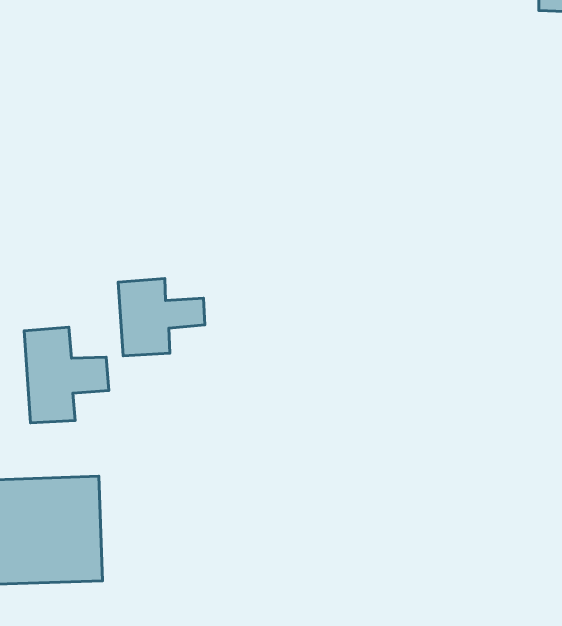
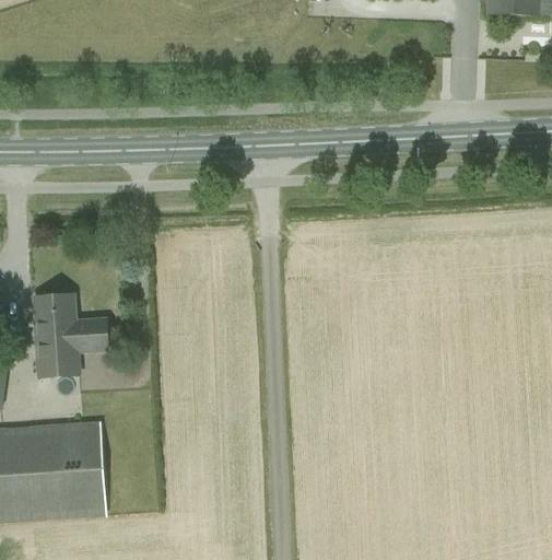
building: [118,279,205,356] -> none

